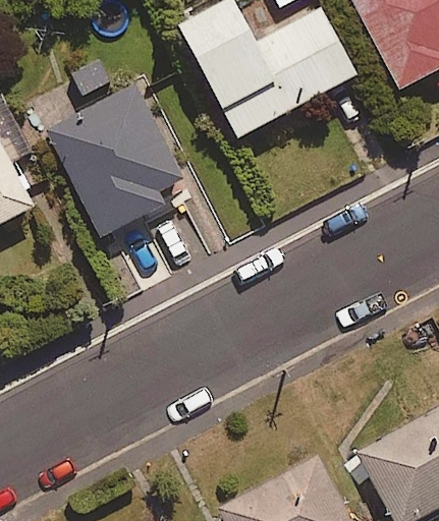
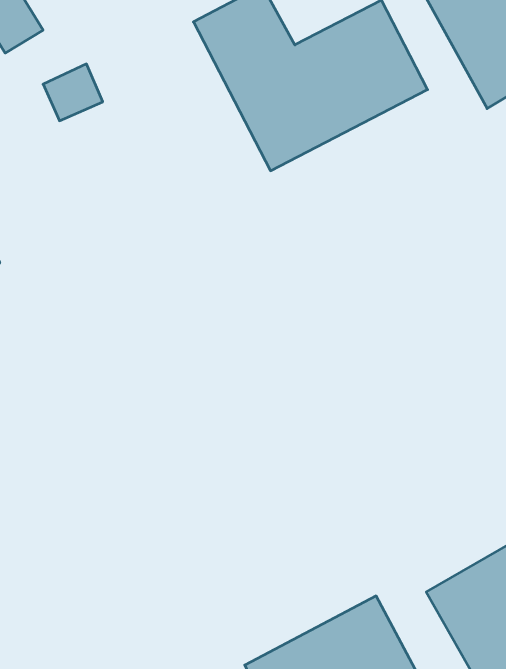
building: [47,83,185,236] -> none

